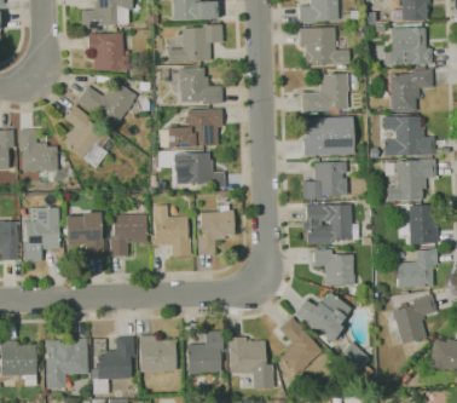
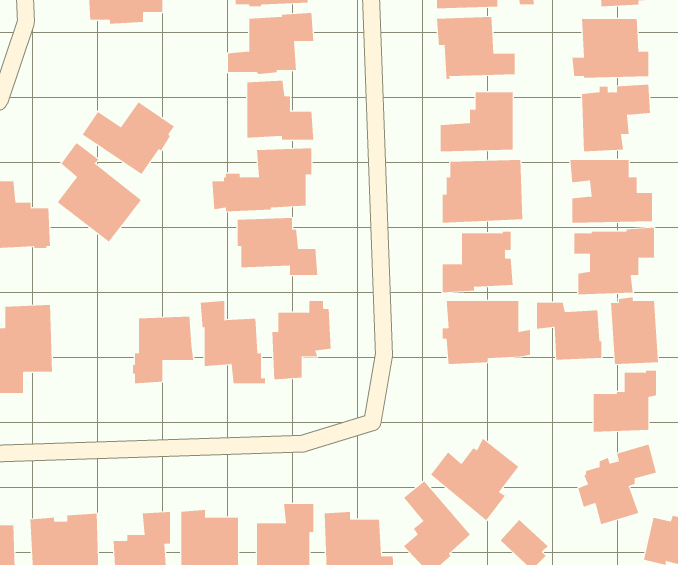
building: [87,33,123,70] -> none
building: [64,212,104,258] -> none
building: [313,249,354,286] -> [536,302,602,360]

